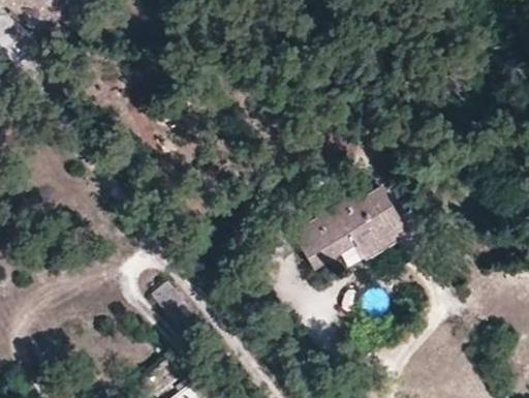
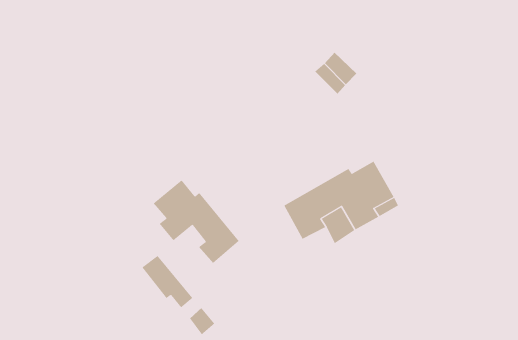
building: none -> [153,179,240,264]

